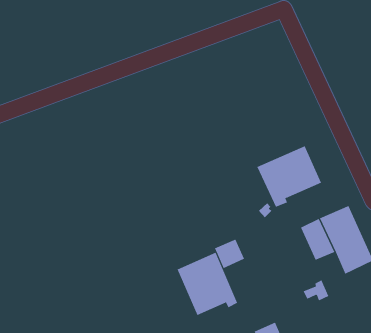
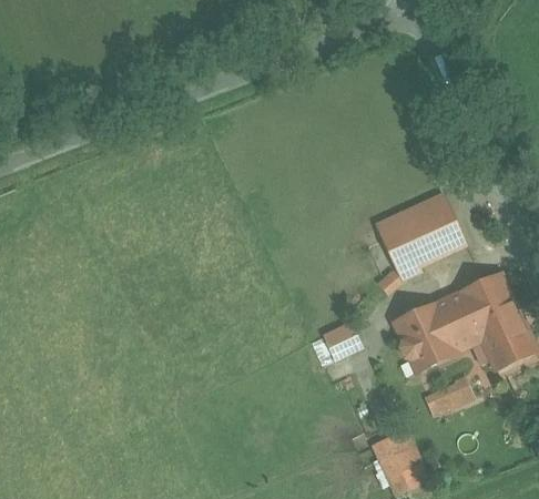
building: none -> [395,305,457,371]
building: [177,252,238,316] -> none

